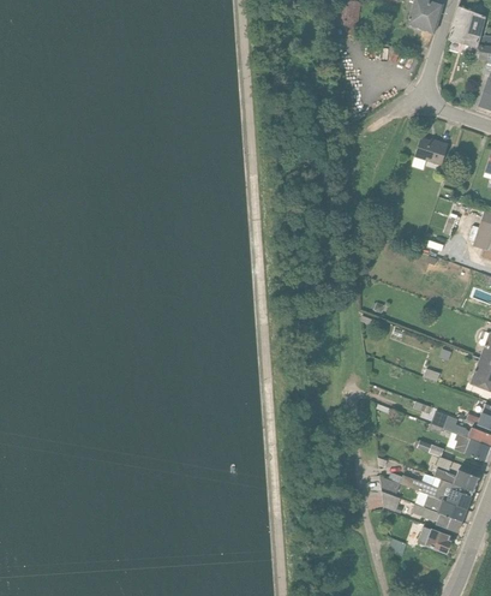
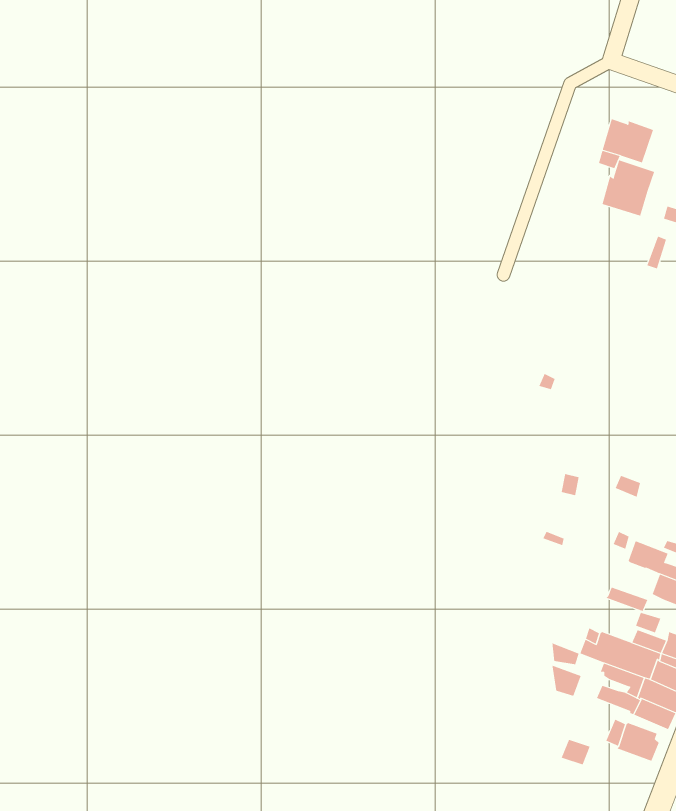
building: none -> [602,159,655,216]

